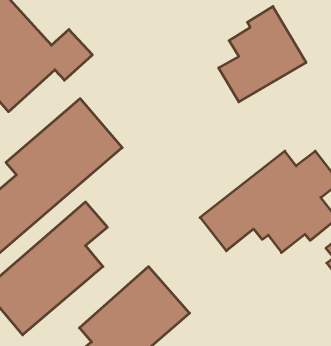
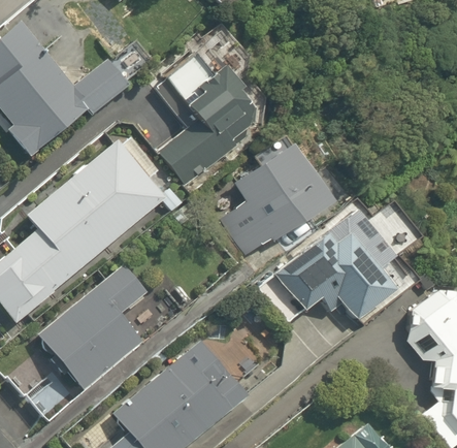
building: [219,6,306,102] -> [222,140,325,253]
building: none -> [153,53,267,185]

